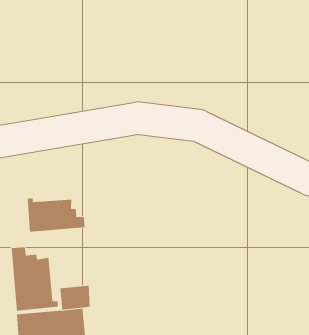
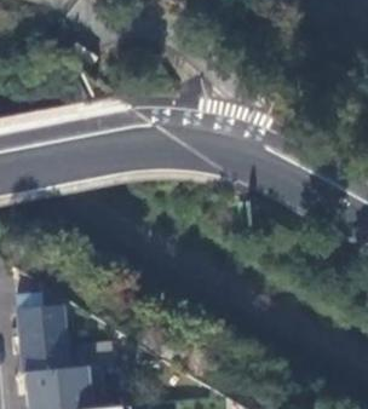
building: [27,197,85,233] -> none

